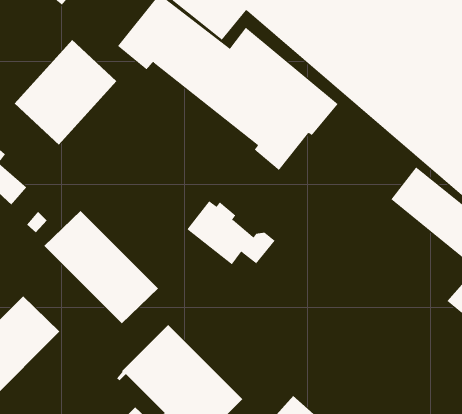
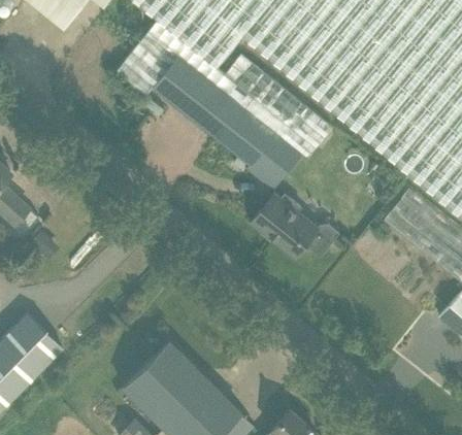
building: [14,39,117,145] -> none
building: [187,201,275,265] -> [254,193,340,256]
building: [44,210,159,324] -> none

